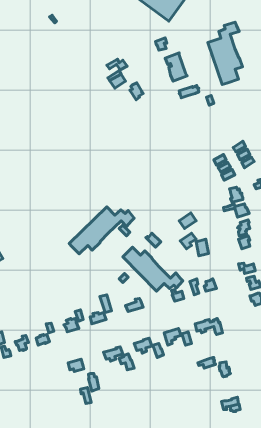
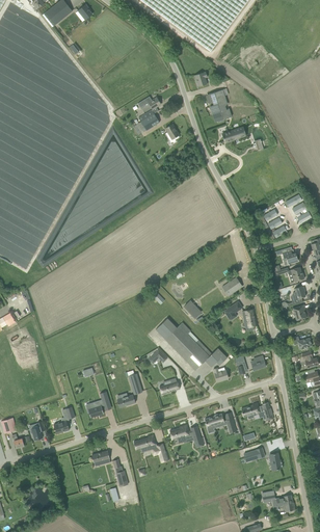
building: [208,22,243,85] -> none
building: [69,207,134,254] -> none

